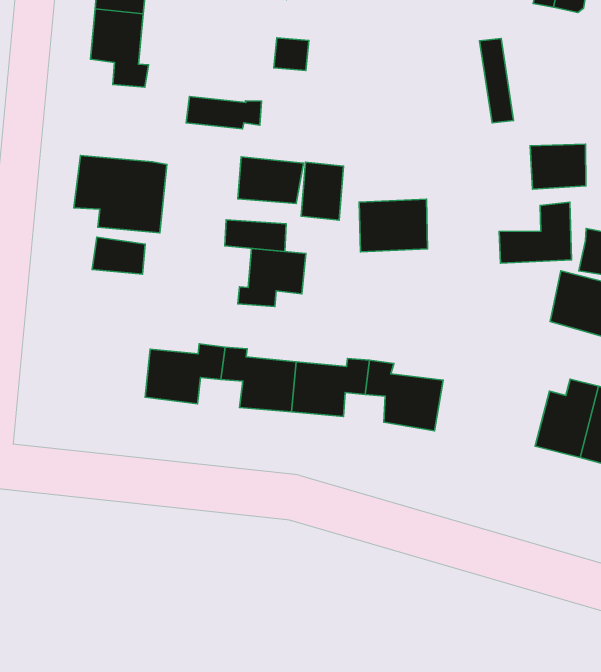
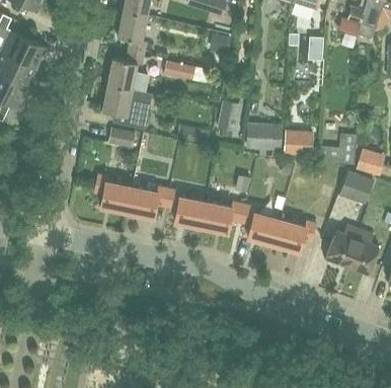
building: none -> [107,51,147,92]
building: [530,144,586,189] -> [284,130,313,153]
building: [238,157,304,203] -> none
building: [238,249,306,306] -> none
building: none -> [95,175,133,212]
building: none -> [273,219,316,251]

